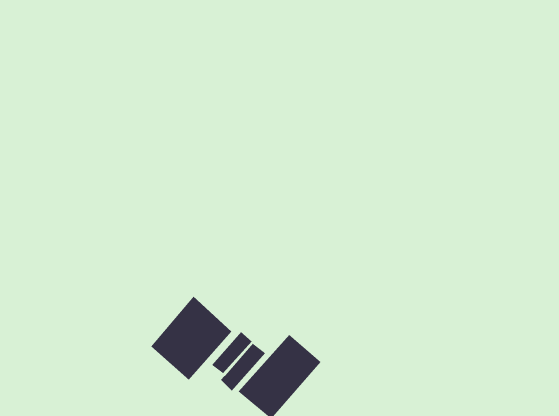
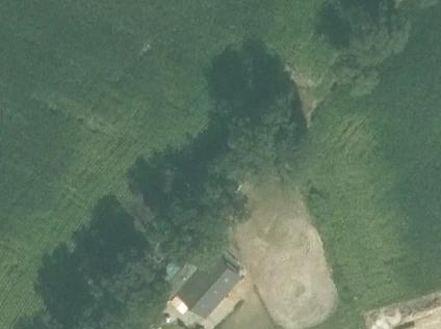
building: [151,296,232,381] -> none

